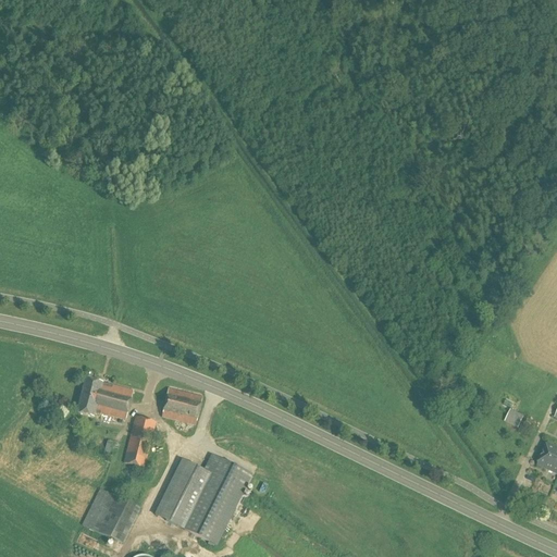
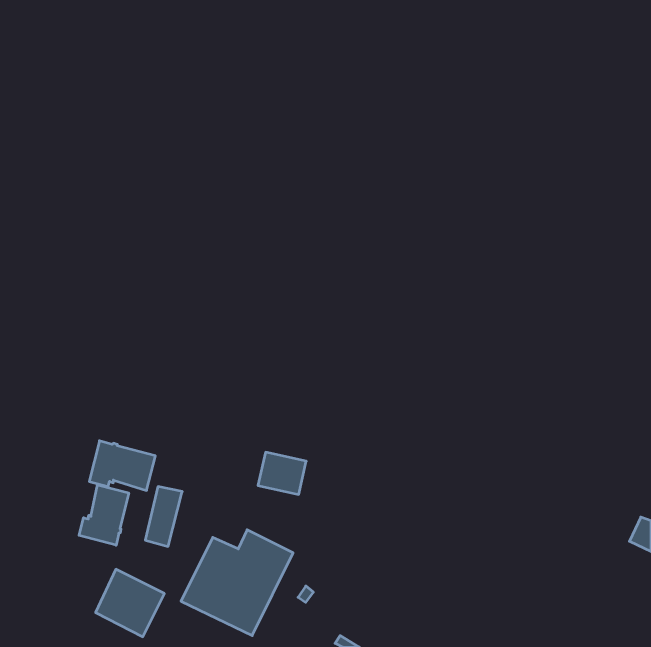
building: [161,387,202,423] -> [258,452,306,494]
building: none -> [79,485,129,545]

